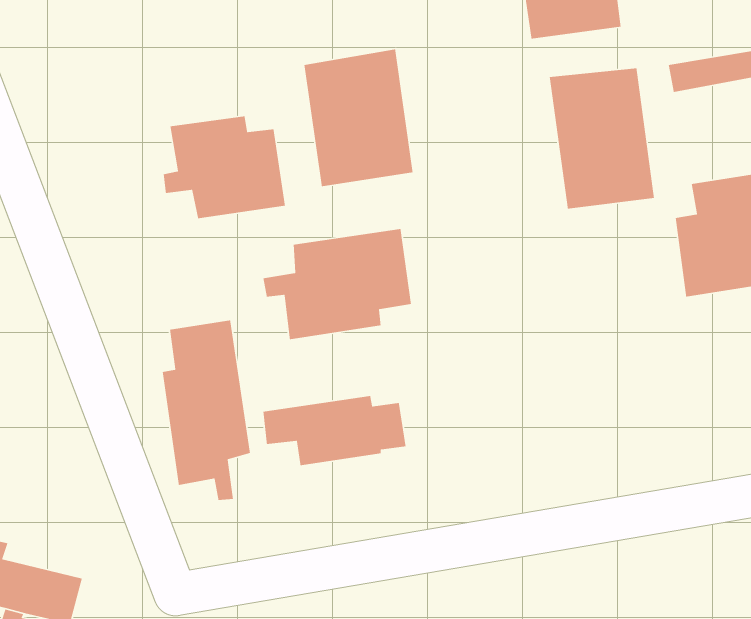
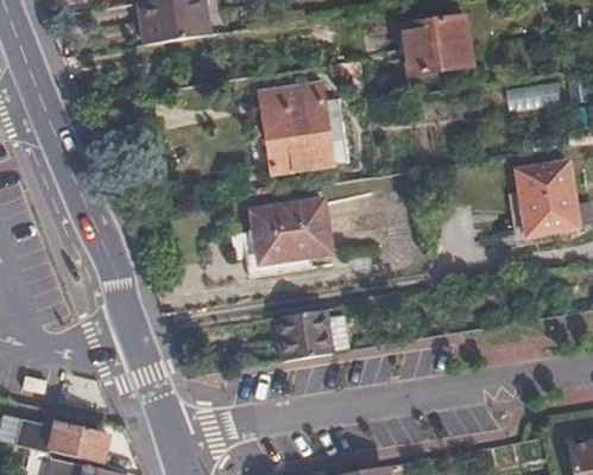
building: [549,67,655,209] -> none
building: [163,115,286,219] -> none
building: [162,319,251,501] -> none

